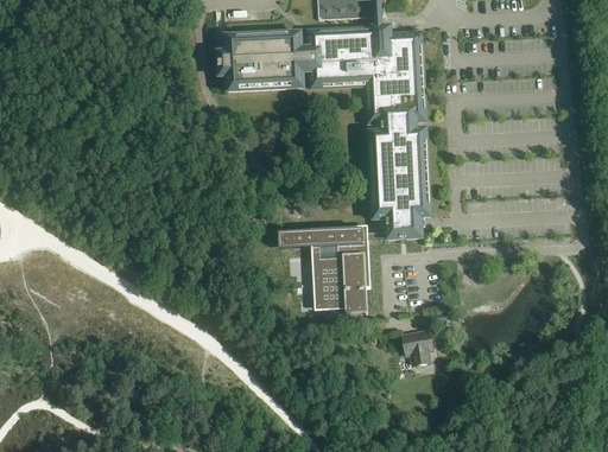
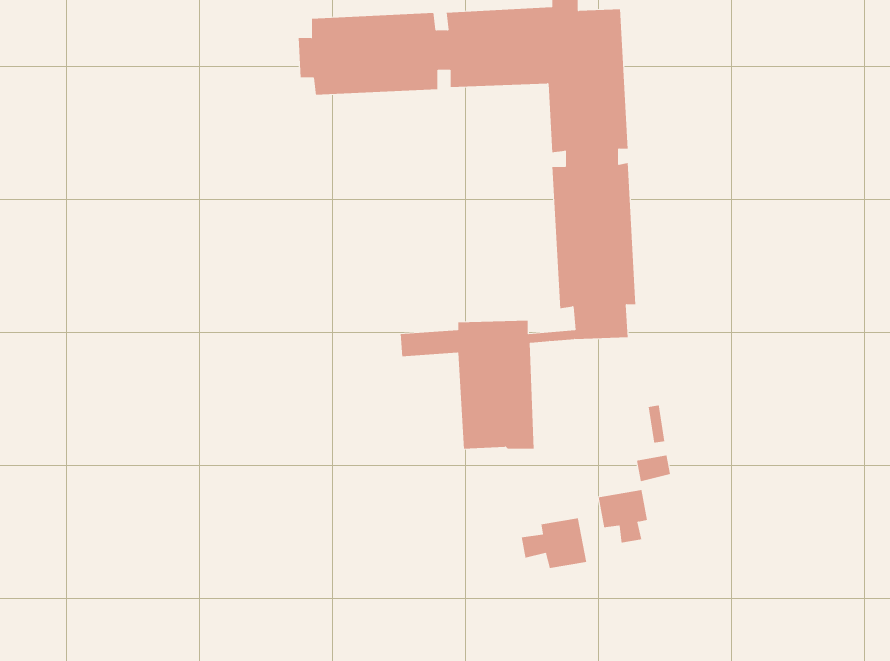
building: none -> [521,517,587,569]

